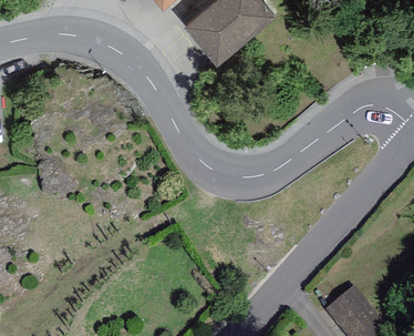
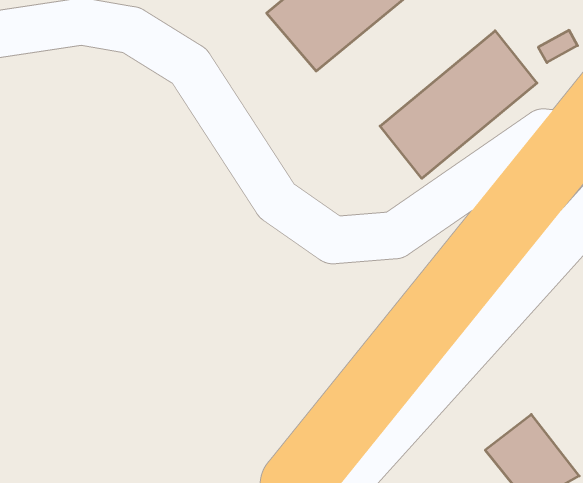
building: none -> [380,31,537,178]

